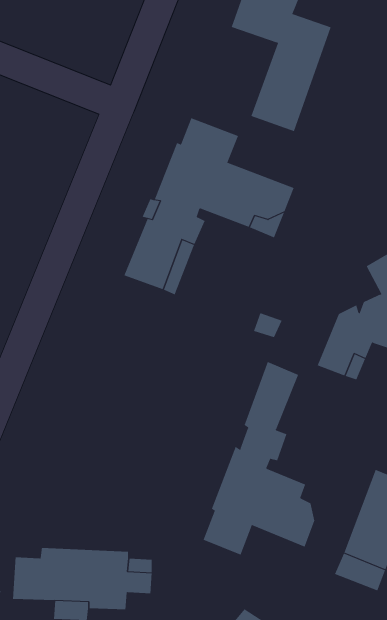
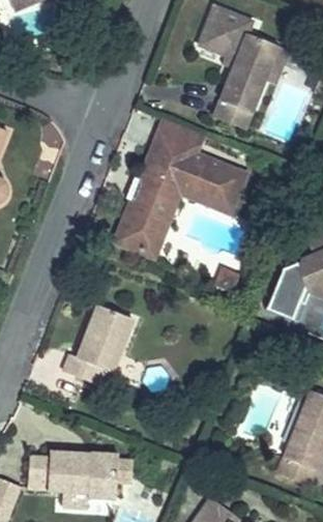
building: [203,361,315,555] -> none
building: none -> [61,308,131,385]

